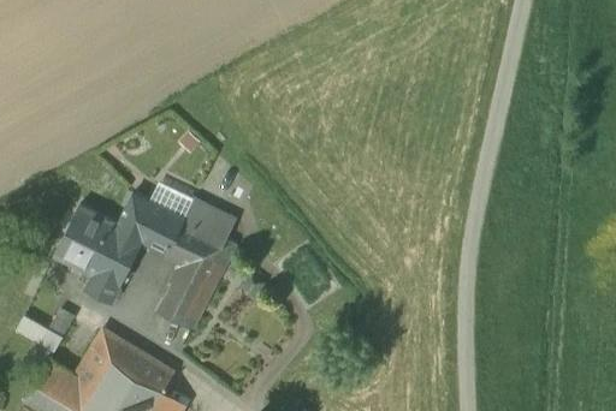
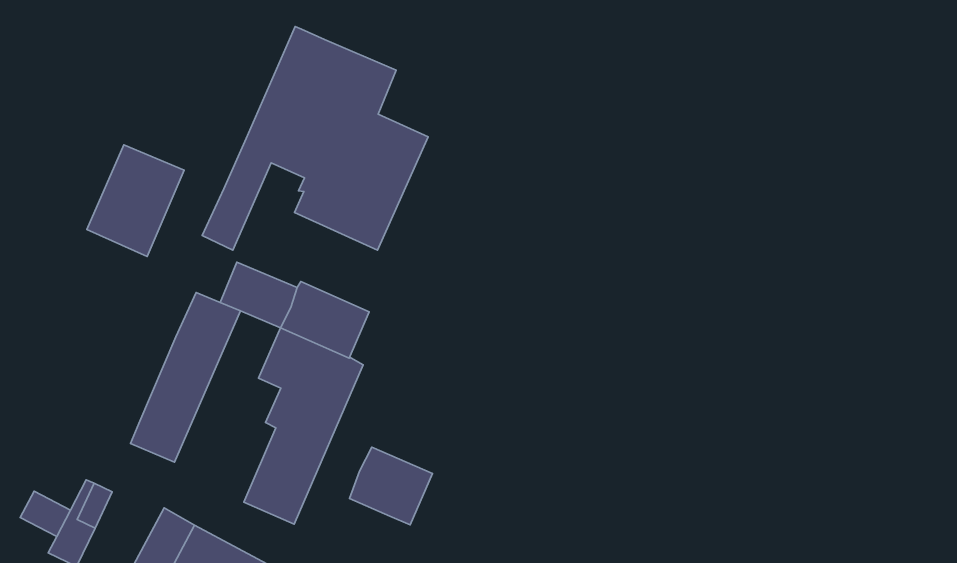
building: none -> [202,27,428,250]
building: [57,207,119,276] -> [87,145,184,257]
building: [144,212,184,254] -> none
building: none -> [349,447,432,525]

